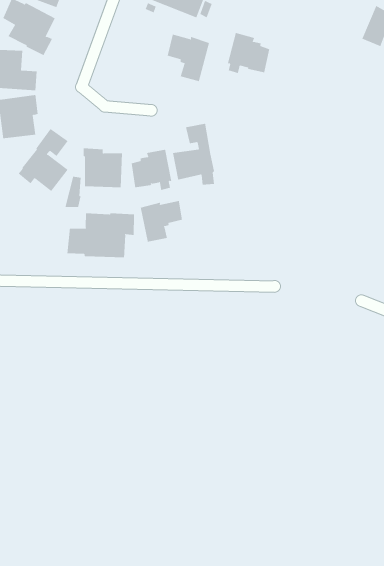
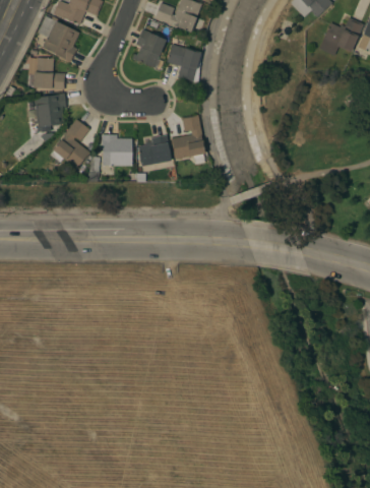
building: none -> [132,29,166,70]
building: [227,32,270,74] -> none
building: [140,200,183,243] -> none
building: [67,213,134,258] -> none

